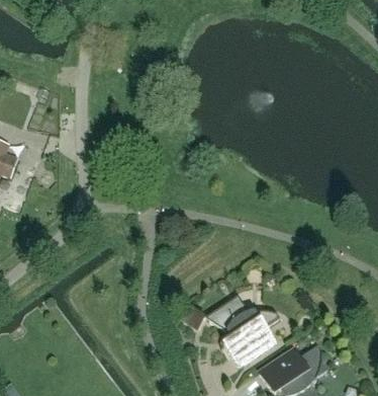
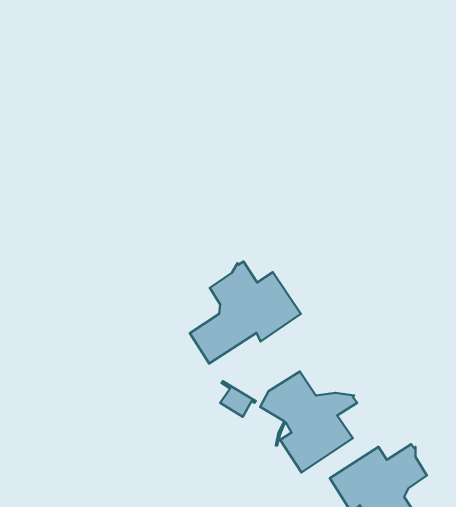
building: none -> [190,261,301,363]

